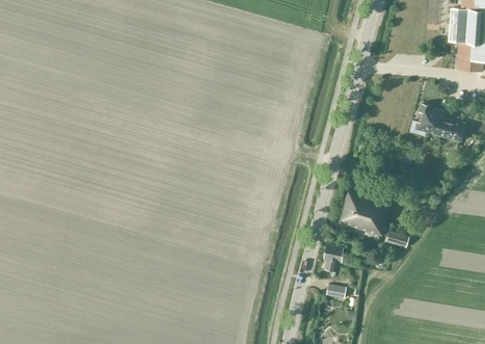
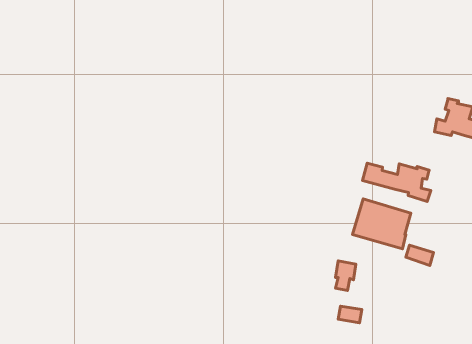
building: none -> [362,163,431,201]

